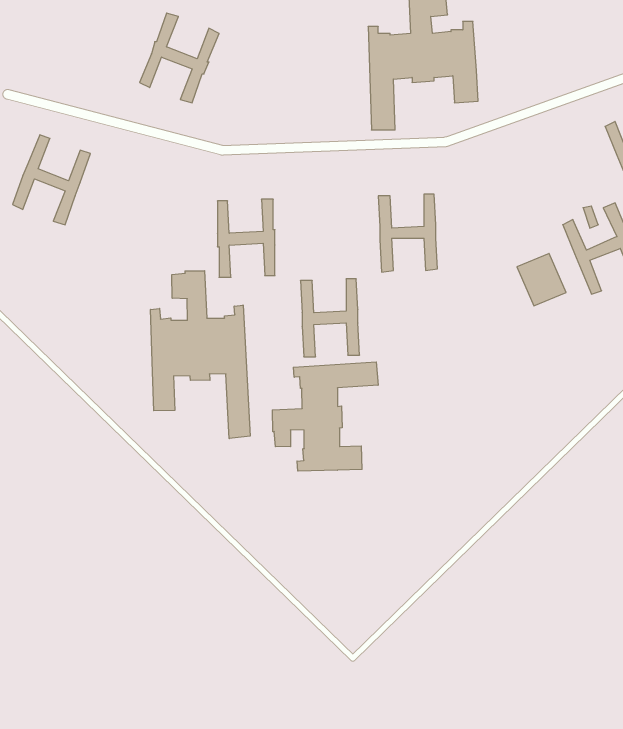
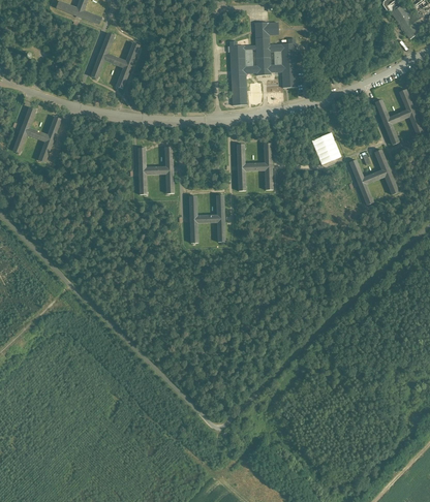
building: [517,253,566,306] -> [311,132,341,164]
building: [151,271,250,439] -> none
building: [272,362,378,471] -> none

